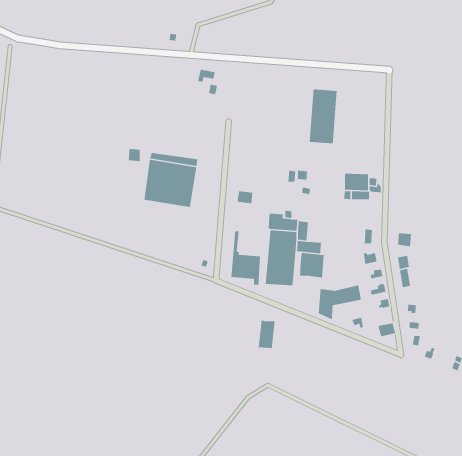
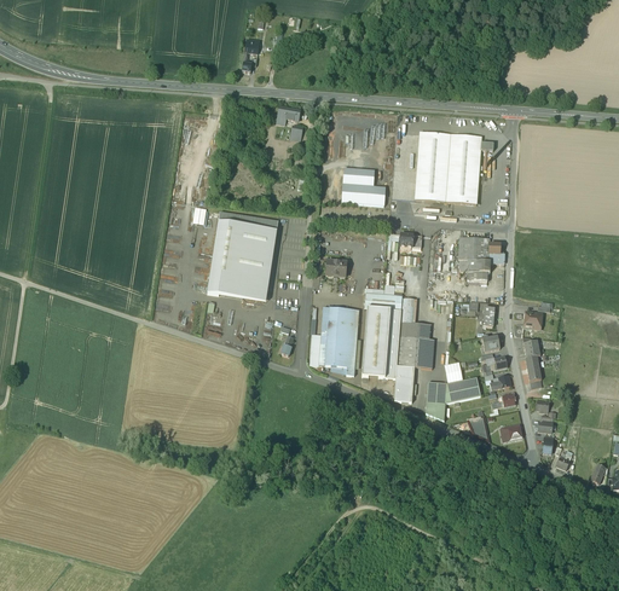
building: none -> [445,135,481,204]
building: none -> [342,169,384,205]
building: none -> [207,271,268,301]
building: none -> [326,308,358,340]
building: [258,320,275,349] -> [393,364,415,400]

